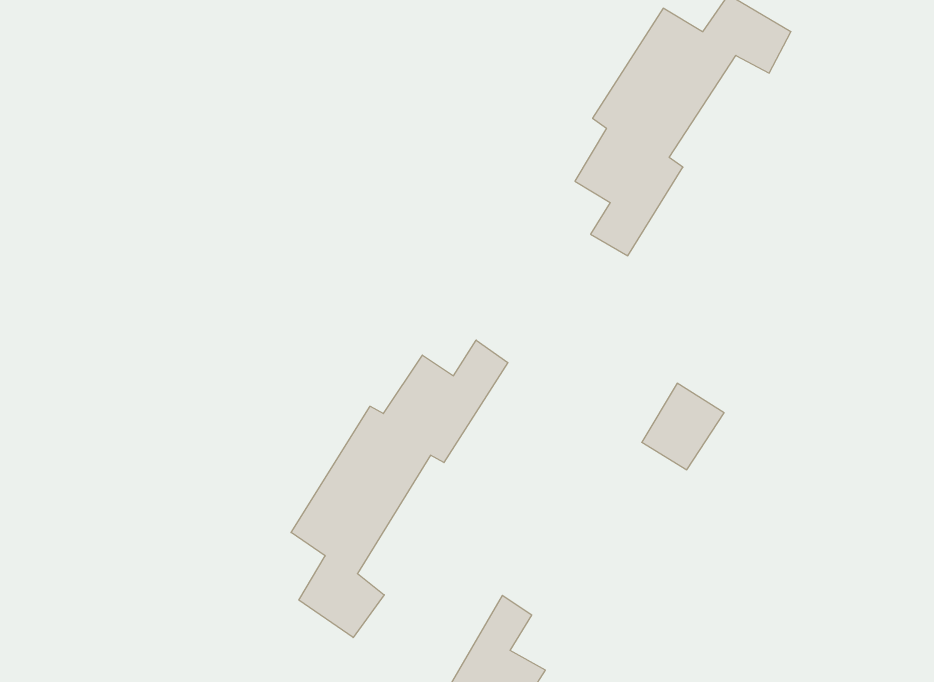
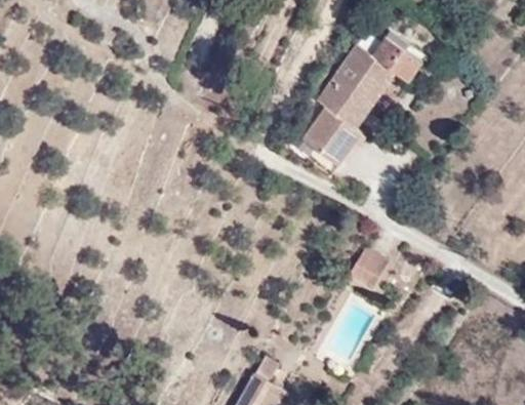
building: [291,340,508,638] -> none

